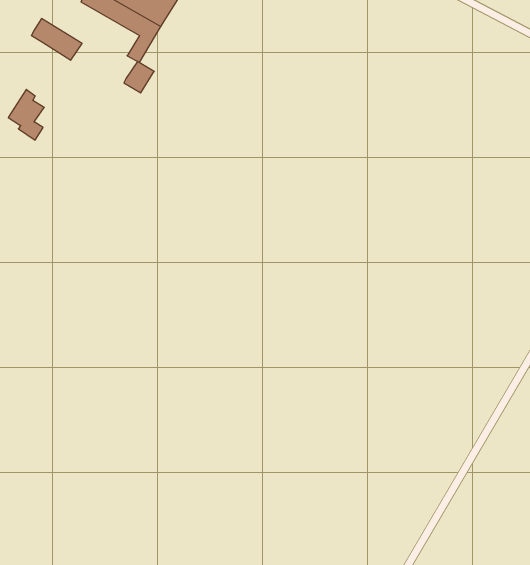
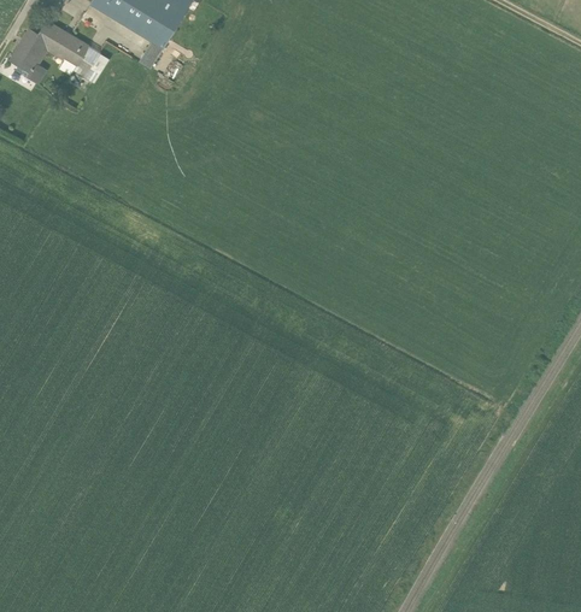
building: [124,61,154,93] -> [75,48,107,82]
building: [8,89,44,140] -> [8,28,47,82]

